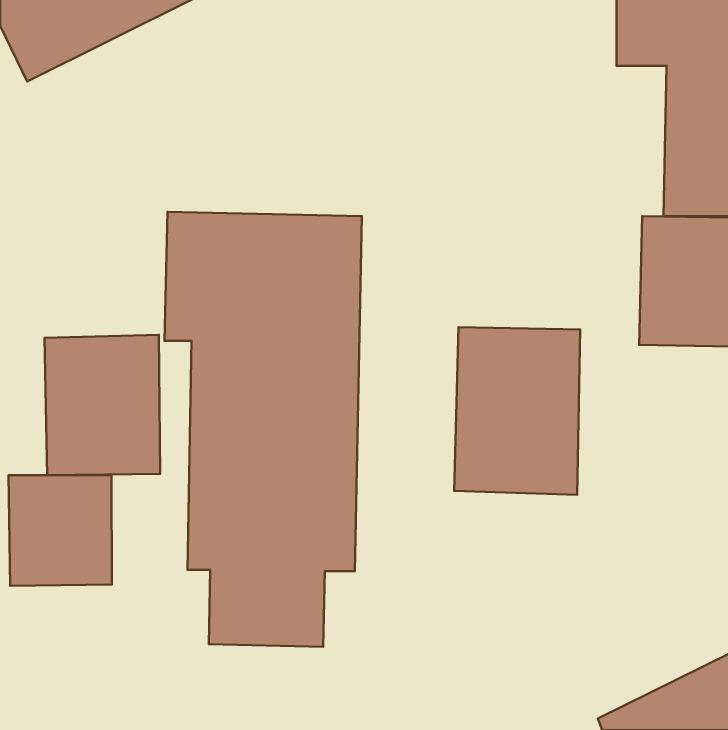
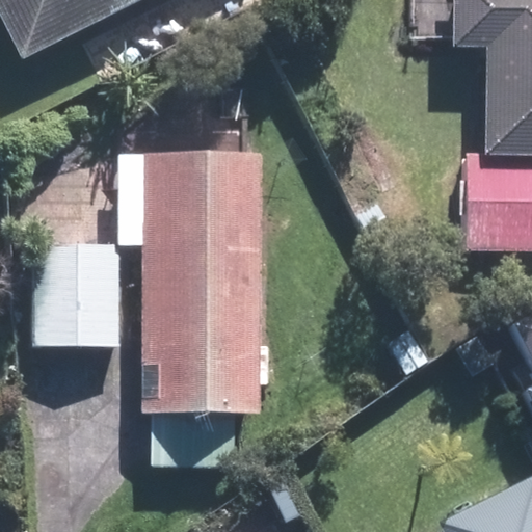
building: [454,327,580,495] -> none
building: [8,475,112,586] -> none

